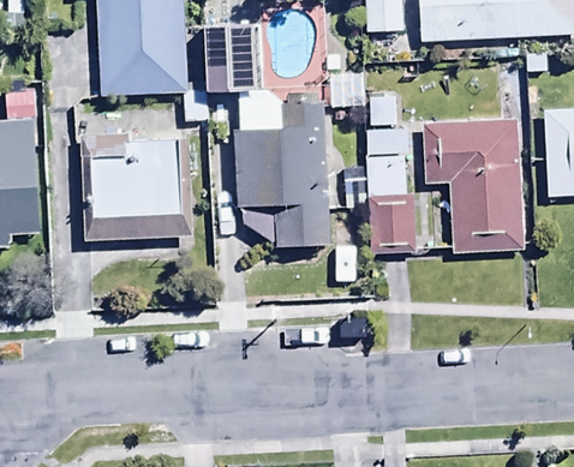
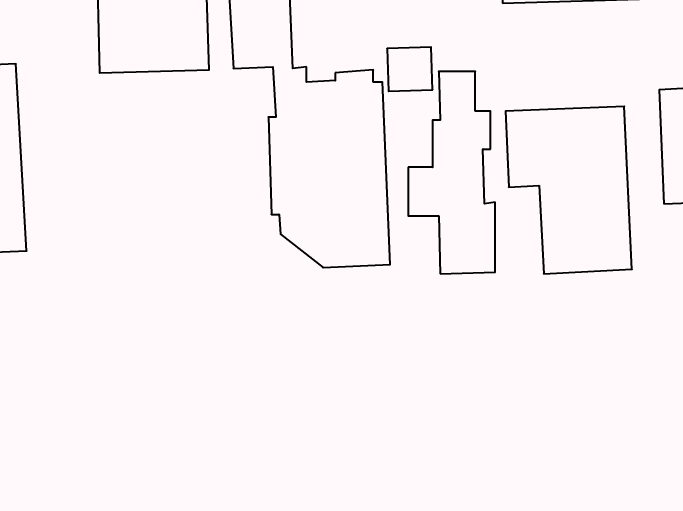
building: [74,112,191,239] -> none

